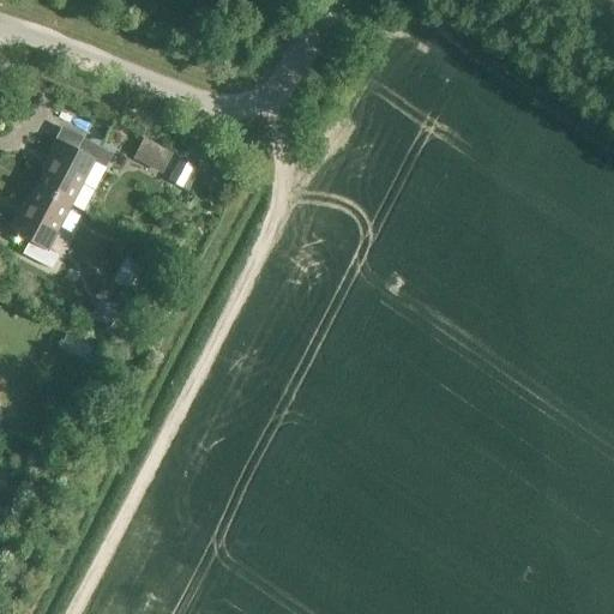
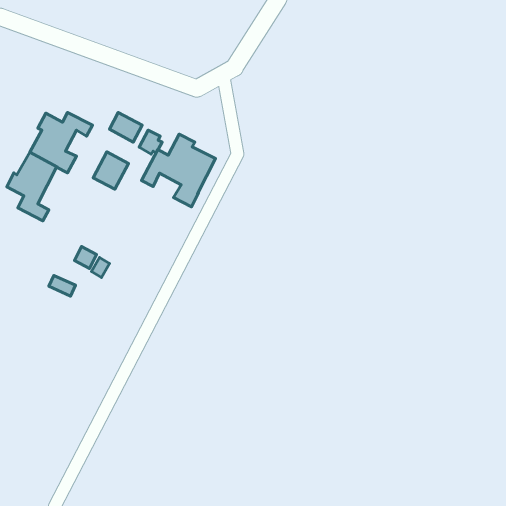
building: none -> [142,134,216,207]
building: none -> [93,152,128,189]

